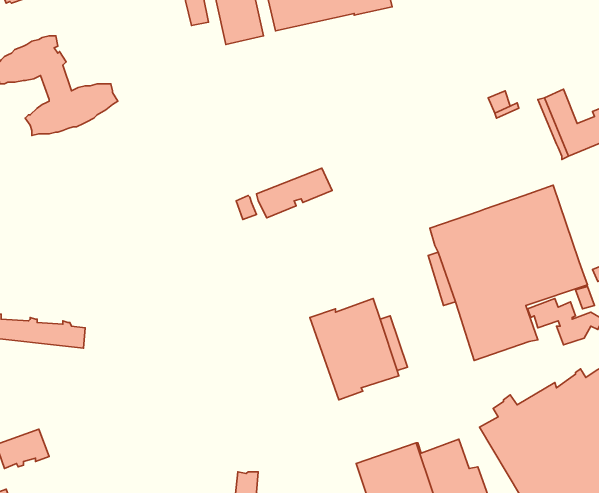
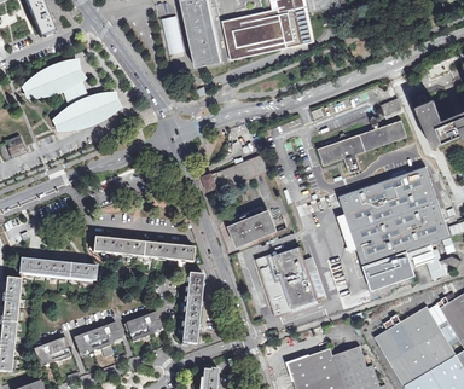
building: none -> [317,120,406,173]
building: none -> [228,205,276,246]
building: none -> [92,236,193,261]
building: none -> [181,272,204,343]
building: none -> [124,310,161,341]
building: none -> [72,321,121,356]

